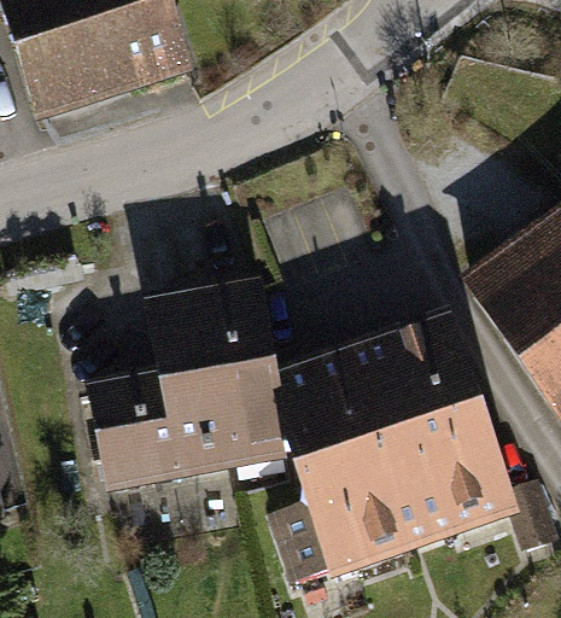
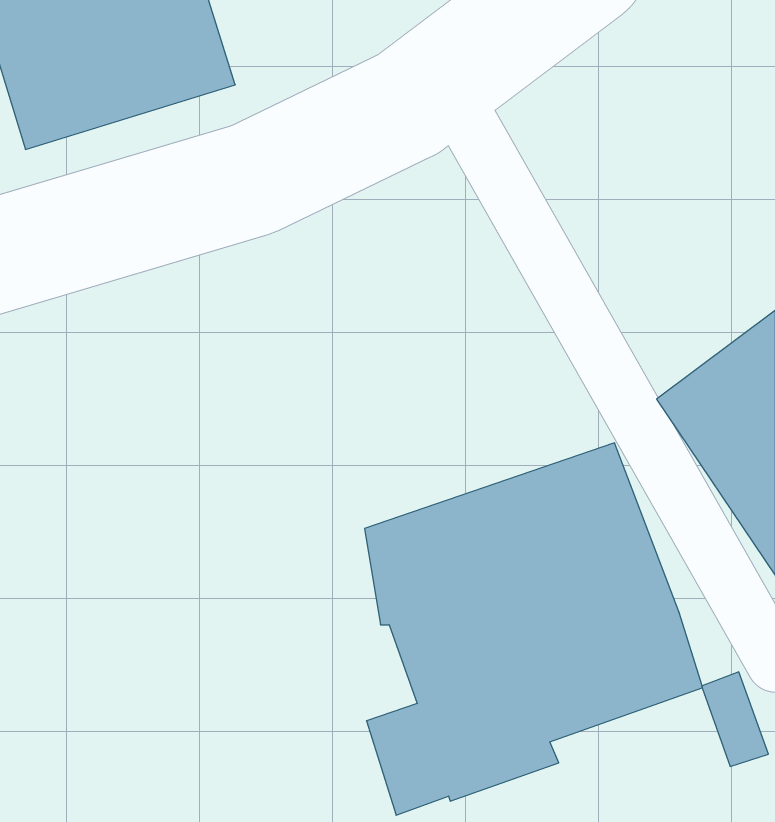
building: [97,285,286,485] -> none

